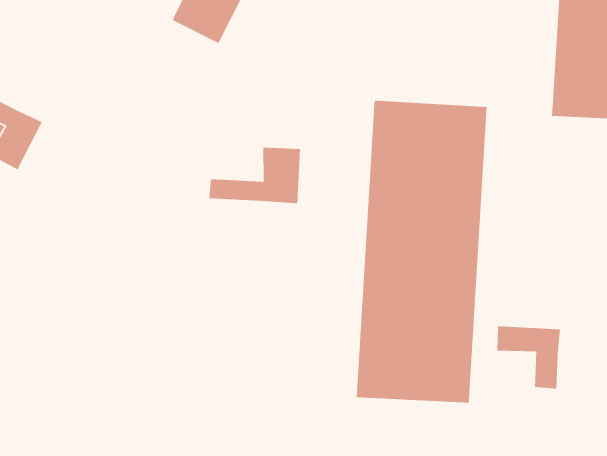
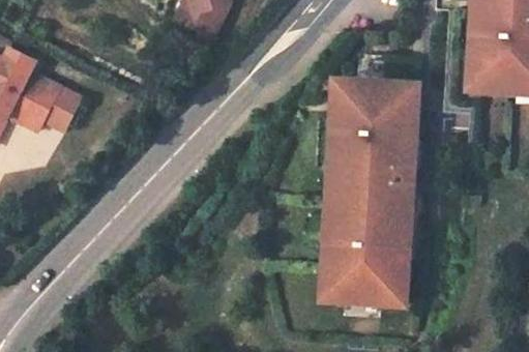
building: [208,147,301,204] -> none
building: [496,325,561,390] -> none

